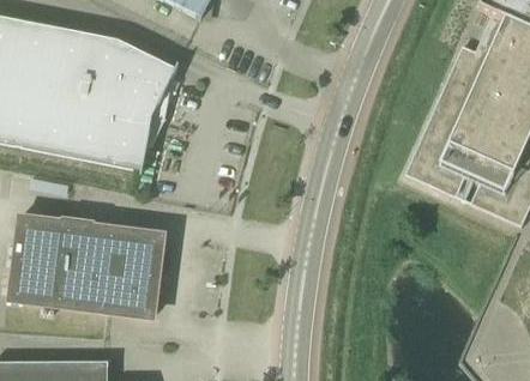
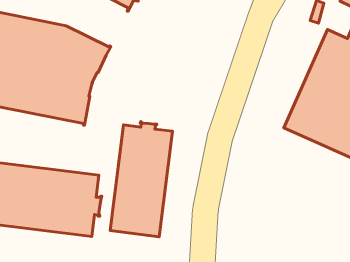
building: none -> [110,122,172,237]

